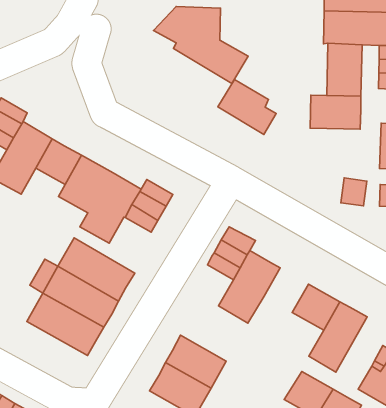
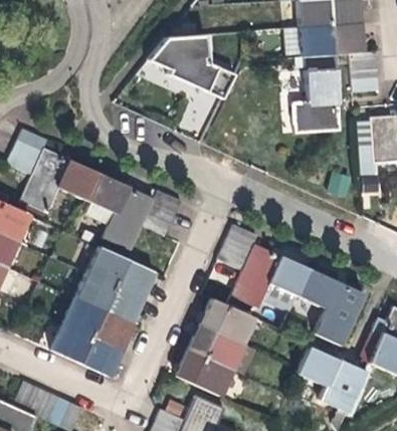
building: [218,79,276,134] -> none
building: none -> [270,257,309,295]
building: none -> [200,298,254,344]
building: none -> [51,325,120,375]

